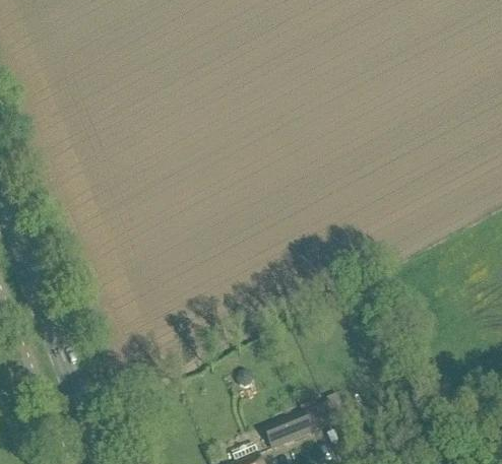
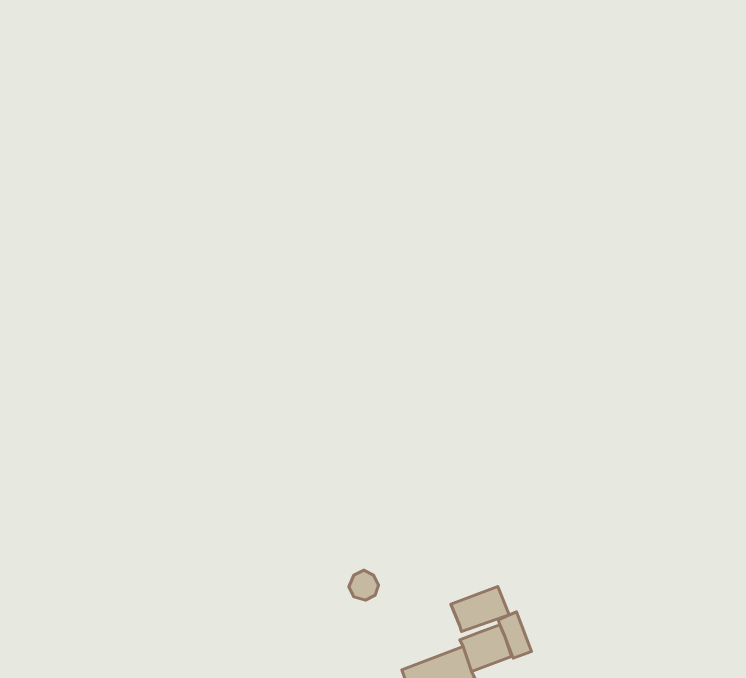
building: none -> [451,587,509,631]

